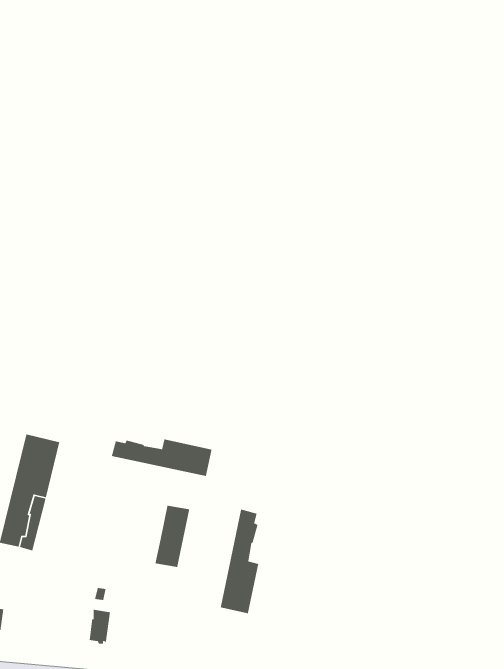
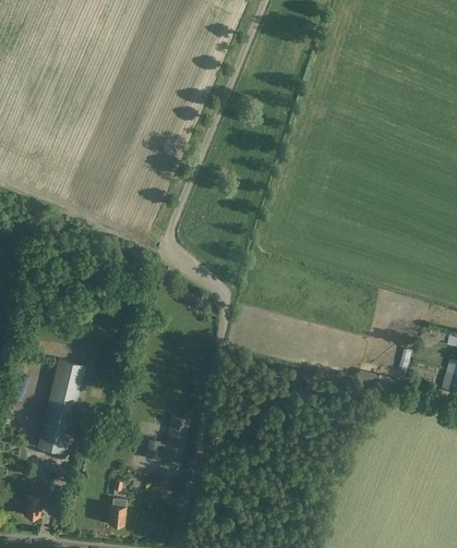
building: [111,439,213,477] -> none
building: [220,509,259,614] -> none

